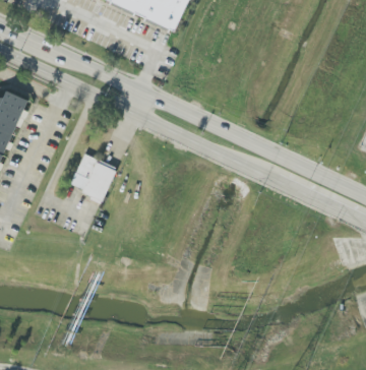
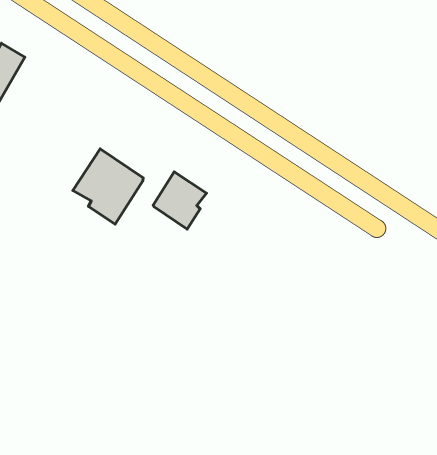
building: none -> [153,172,206,229]

